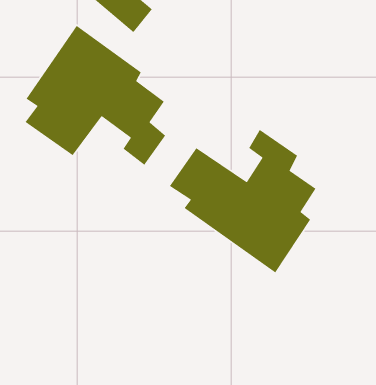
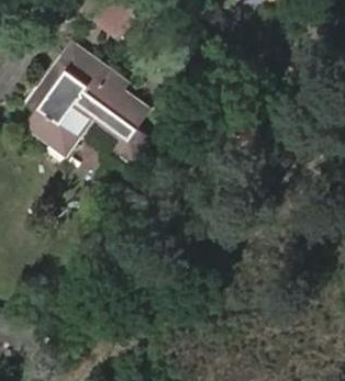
building: [169,129,317,273] -> none

